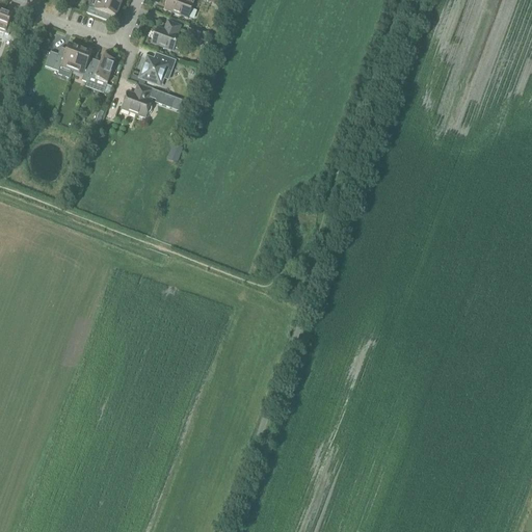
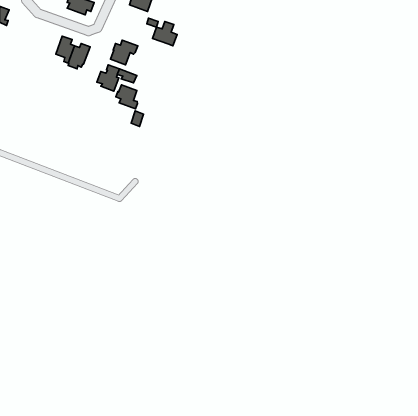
building: [152,19,183,50] -> [152,21,177,46]
building: [44,42,79,75] -> none
building: none -> [116,85,137,109]

